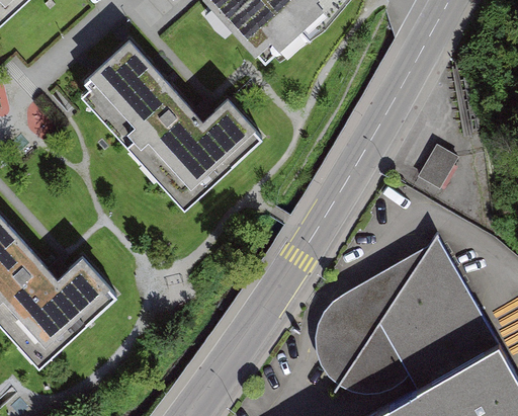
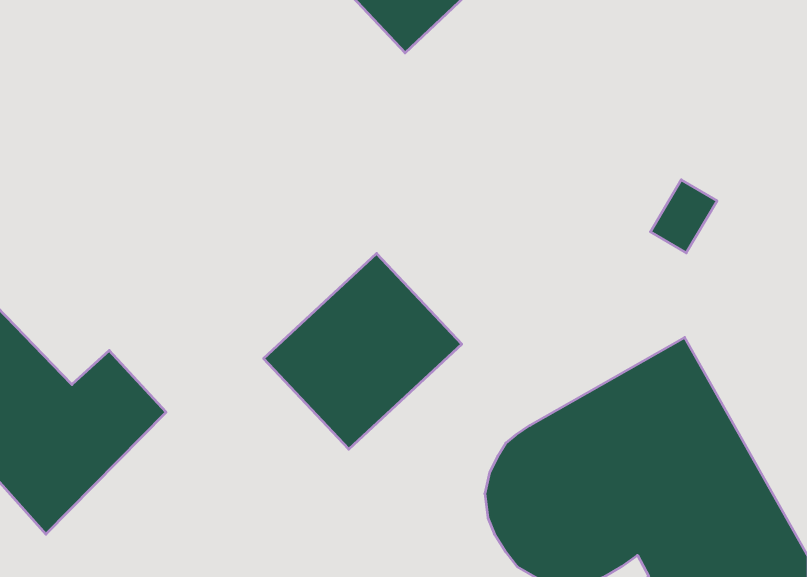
building: [79,41,261,211] -> none
building: none -> [264,253,462,449]

